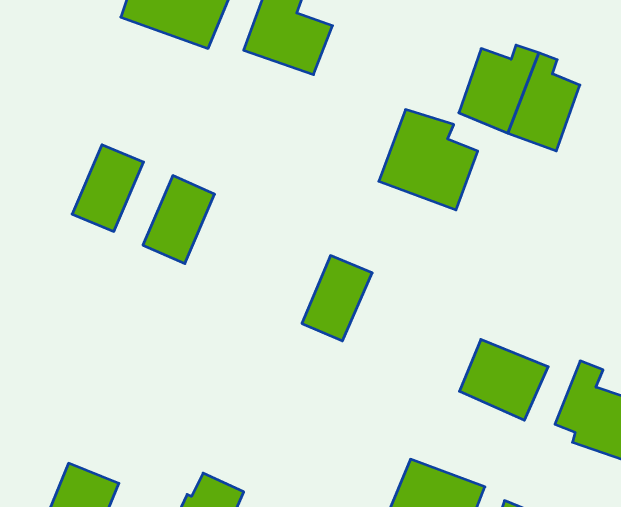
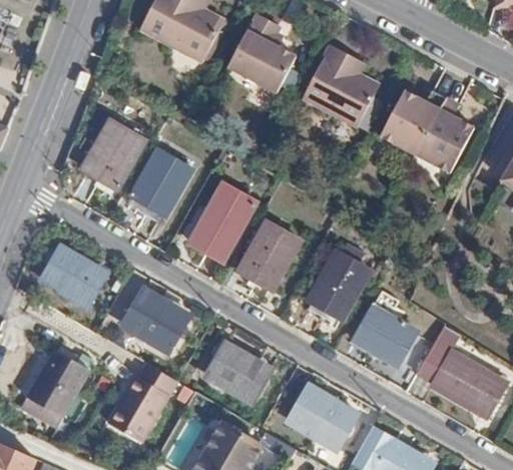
building: [379,110,478,210] -> [303,46,379,125]
building: none -> [192,185,254,259]
building: none -> [308,256,366,322]
building: none -> [42,247,106,306]
building: none -> [120,289,191,358]
building: none -> [200,340,274,408]

